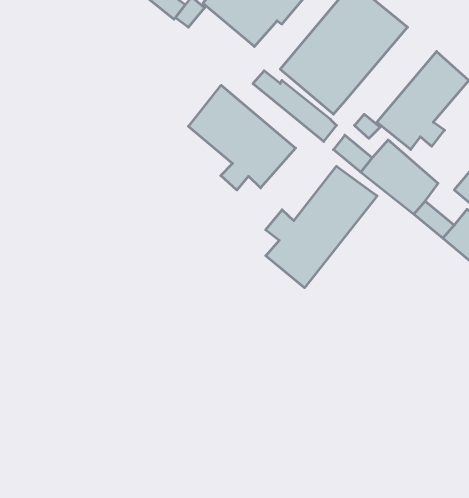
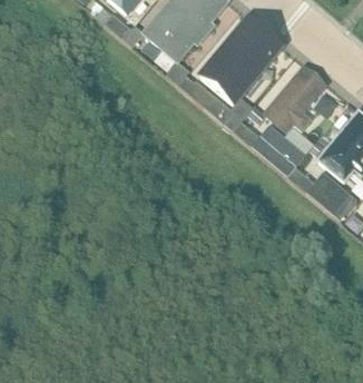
building: [188,85,296,190] -> none
building: [266,166,377,288] -> none

